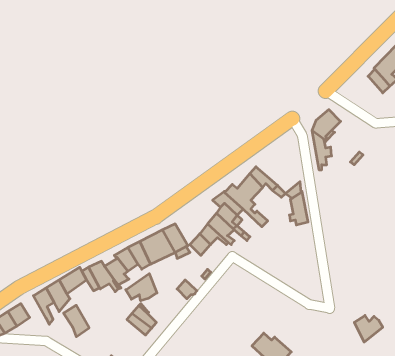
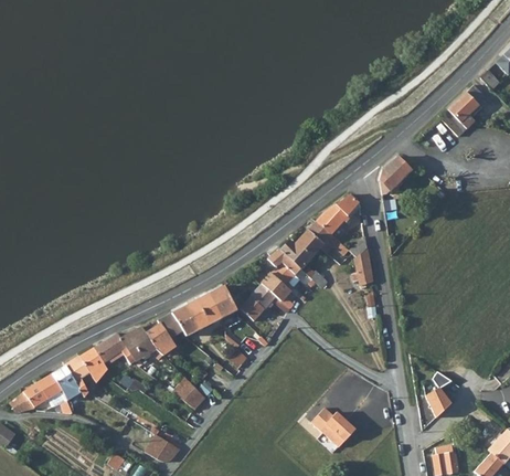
building: none -> [316,194,360,234]
building: [126,274,157,301] -> none
building: [64,305,89,337] -> [52,366,81,401]

